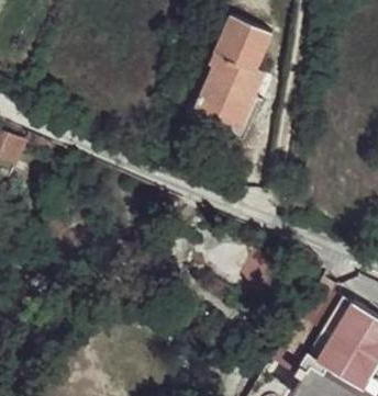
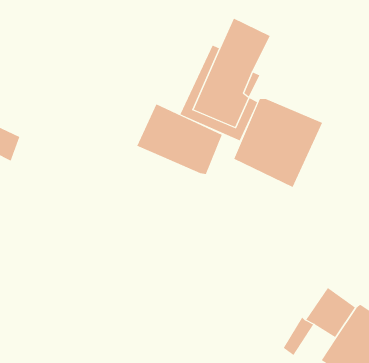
building: none -> [233,98,323,188]
building: none -> [137,103,223,175]

